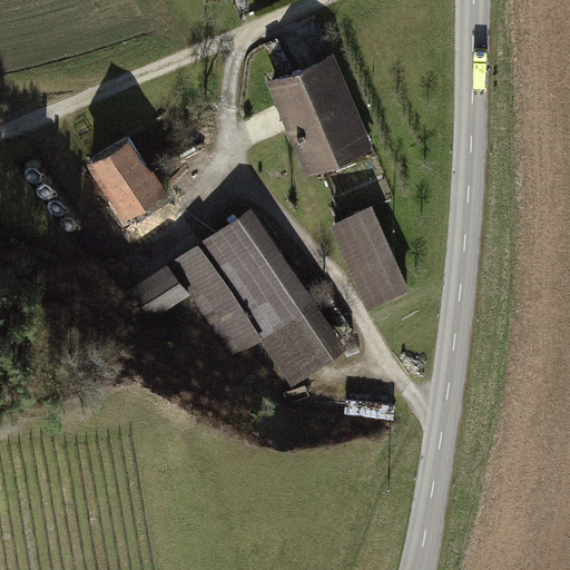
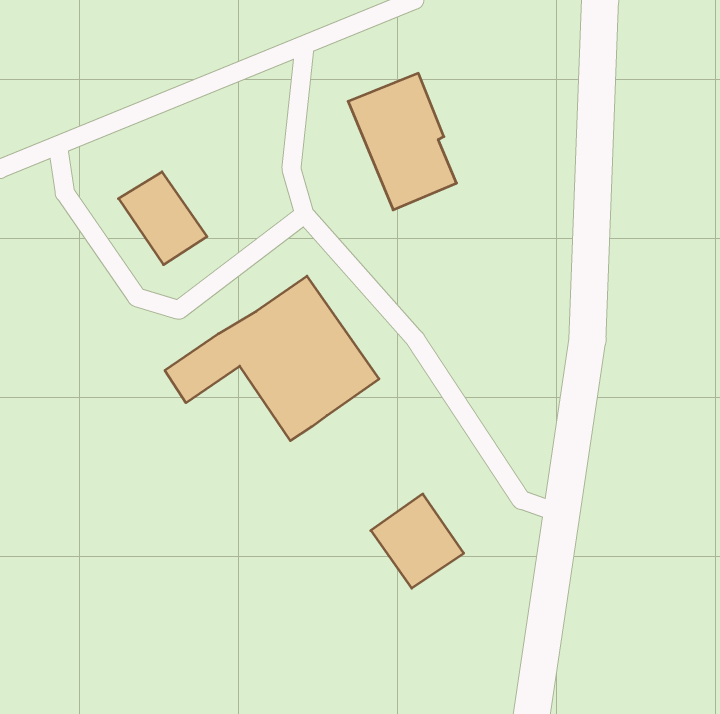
building: [336,212,406,303] -> none
building: [258,304,332,379] -> [371,494,464,588]

